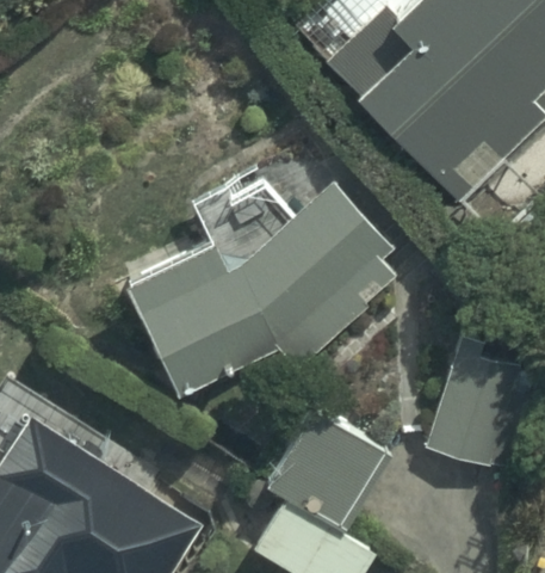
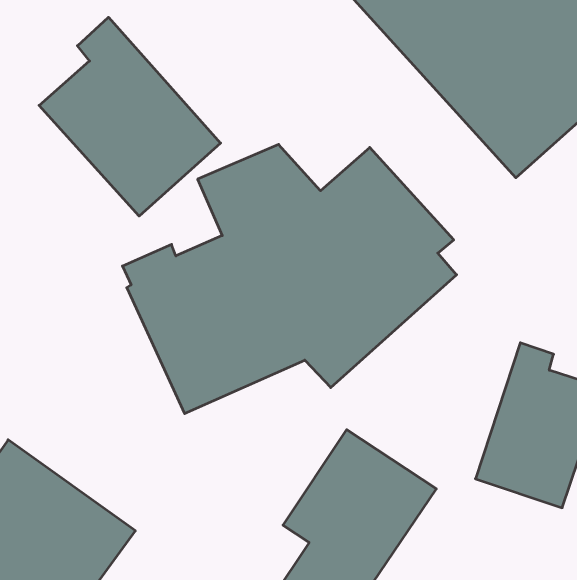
building: none -> [39,17,221,216]

